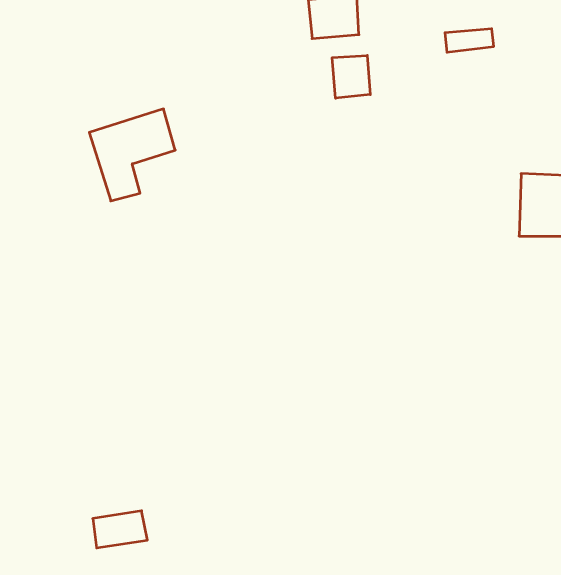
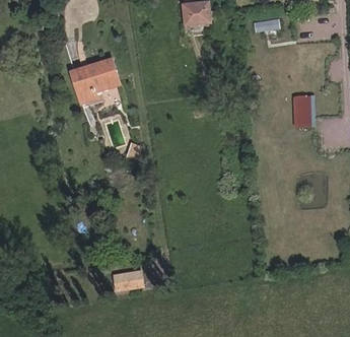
building: [332,55,370,98] -> none
building: [93,511,147,548] -> [112,273,140,292]

